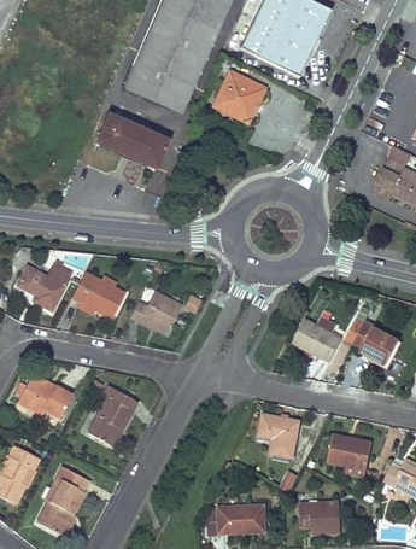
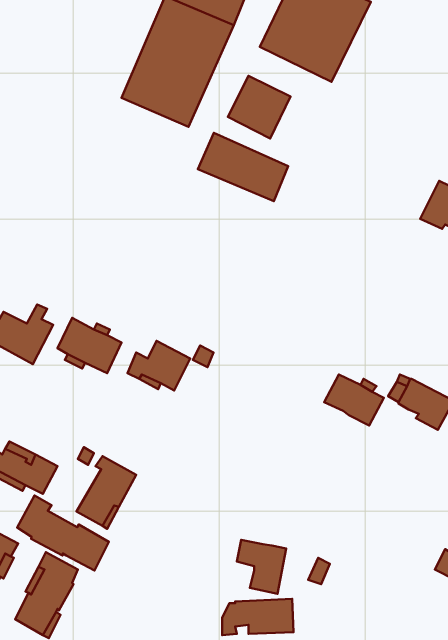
building: [98,113,172,170] -> [198,133,288,201]
building: [259,413,300,457] -> [237,540,286,594]
building: none -> [17,496,109,570]
building: [328,433,373,475] -> none
building: [299,502,341,532] -> none

